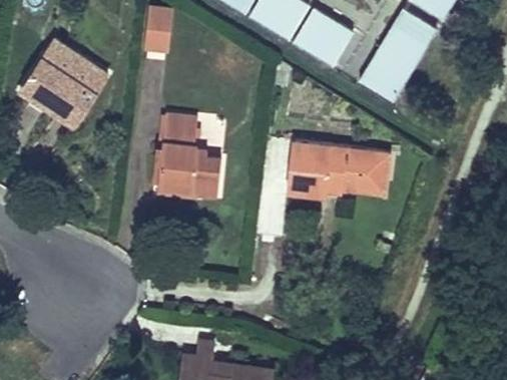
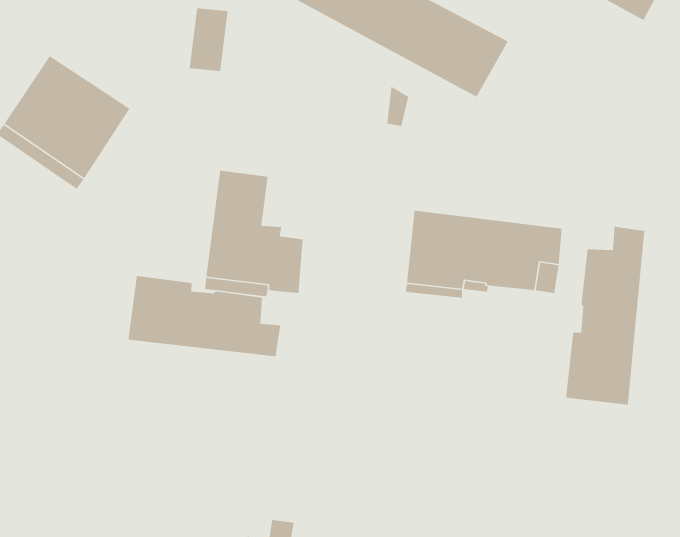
building: [359,9,435,100] -> none
building: none -> [565,226,645,405]
building: none -> [127,275,281,357]

